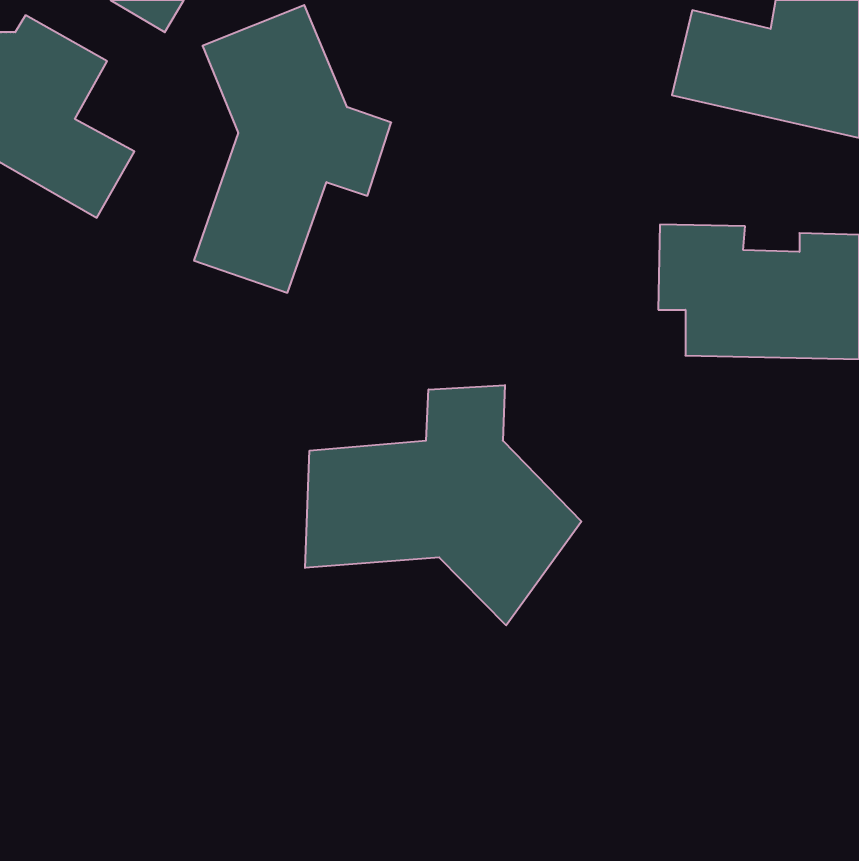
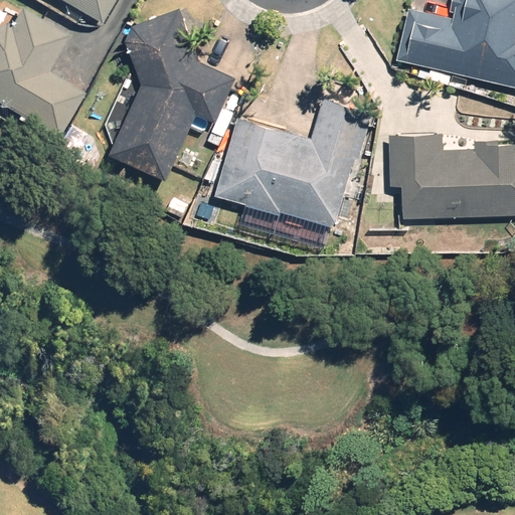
building: none -> [215,99,370,228]
building: [305,385,581,625] -> none

